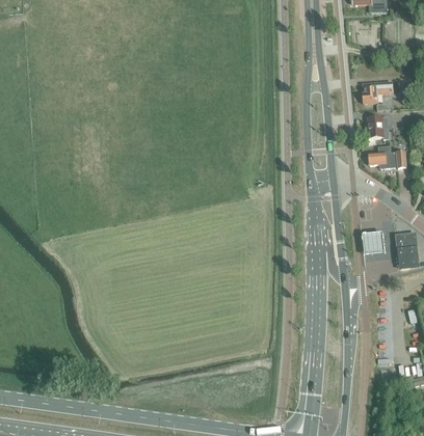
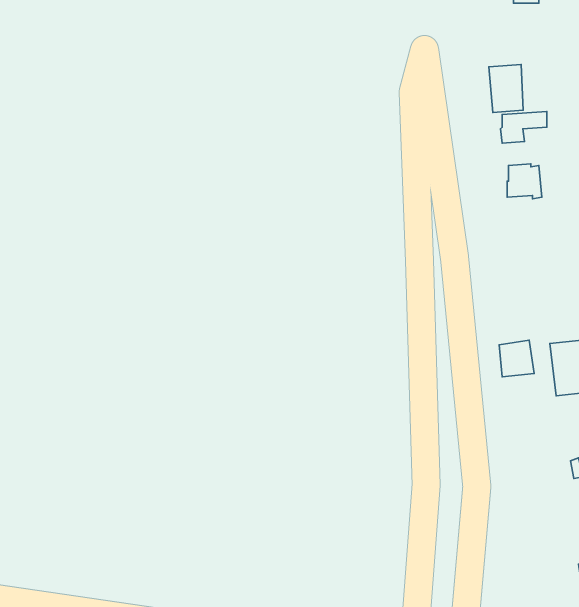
building: none -> [489,64,523,112]
building: [368,145,406,167] -> none

